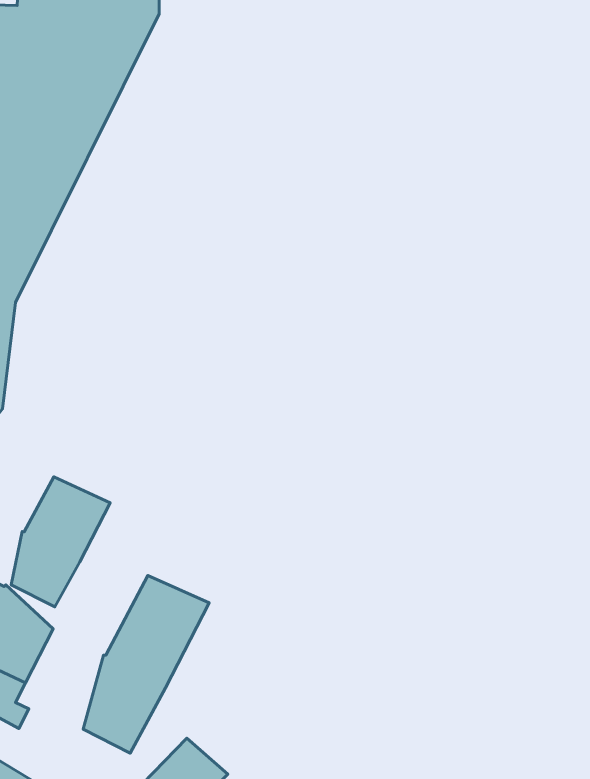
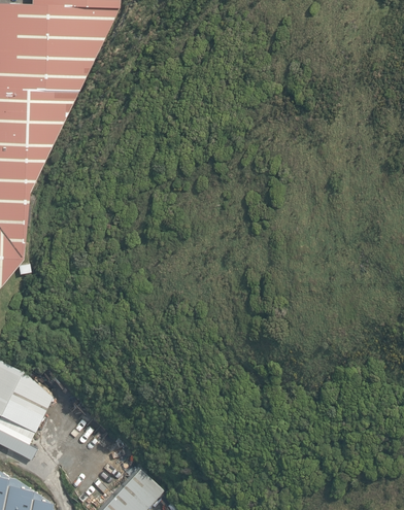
building: [11,477,110,607] -> none
building: [83,576,209,753] -> none

